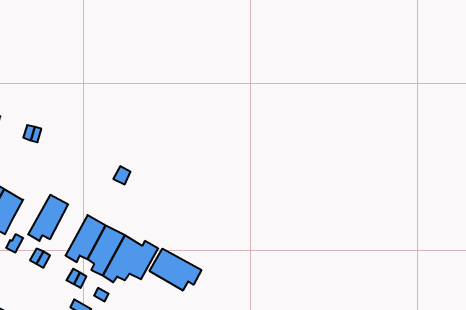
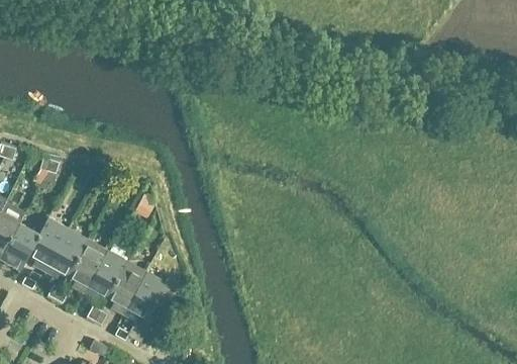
building: none -> [28,217,68,270]
building: none -> [68,239,107,292]
building: [150,249,201,291] -> none

